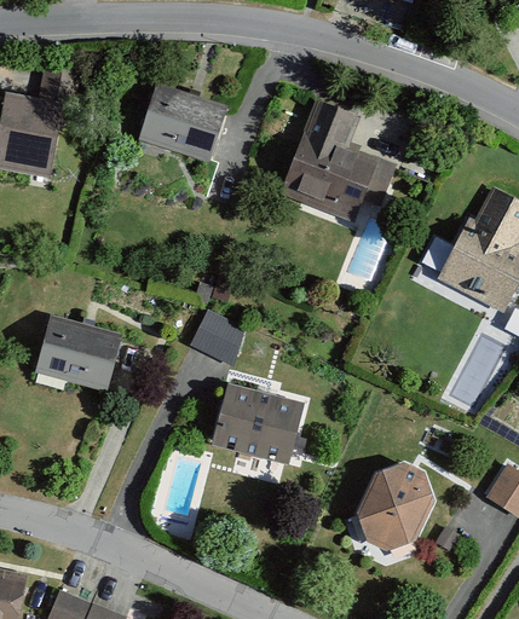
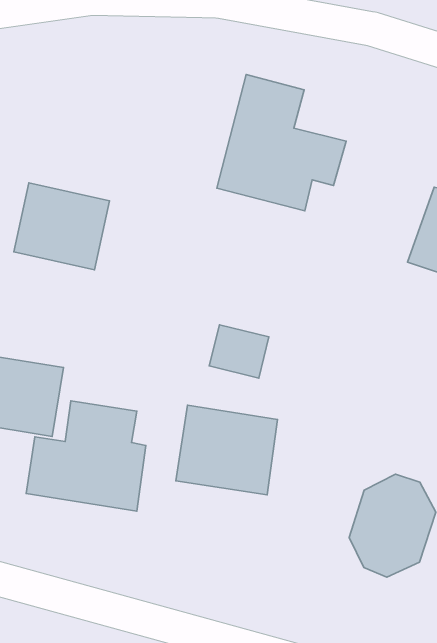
building: [138,83,227,167] -> [14,183,110,270]
building: [192,308,248,359] -> [209,325,269,378]
building: none -> [26,401,146,511]

